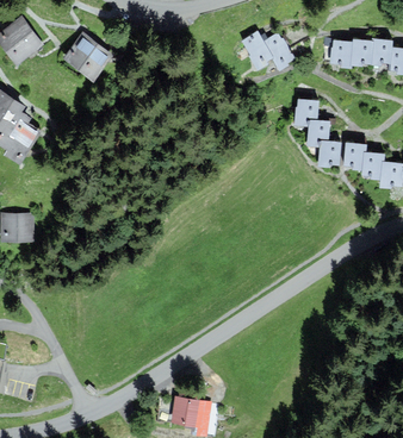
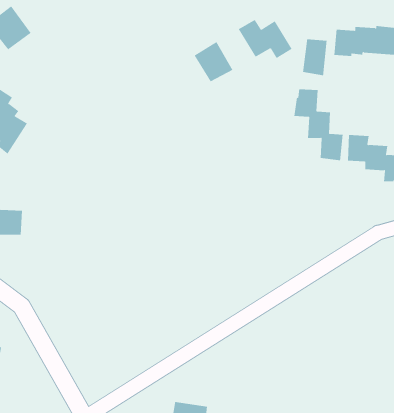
building: [68,33,112,77] -> none
building: none -> [302,38,327,76]
building: none -> [194,41,233,82]

